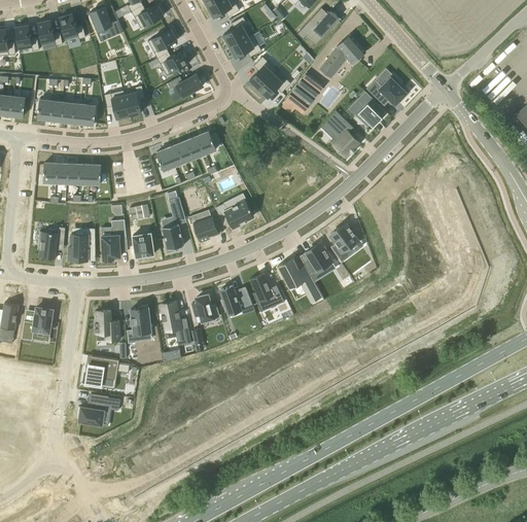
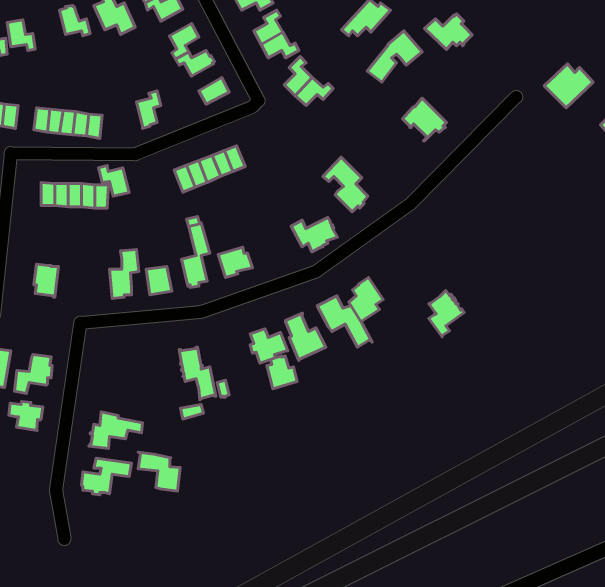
building: [37,21,63,46] -> none
building: [285,72,320,114] -> none
building: [367,75,408,105] -> [425,14,472,49]
building: [104,93,130,118] -> [99,166,129,196]
building: [320,110,358,156] -> [323,157,368,212]
building: [215,201,254,230] -> [291,218,338,252]
building: [330,223,360,263] -> [429,290,464,337]
building: [69,229,96,262] -> none
building: [192,295,218,323] -> [267,356,297,389]
building: [127,306,151,344] -> none
building: [96,311,119,341] -> none
building: none -> [9,402,43,430]
building: none -> [138,452,180,491]

